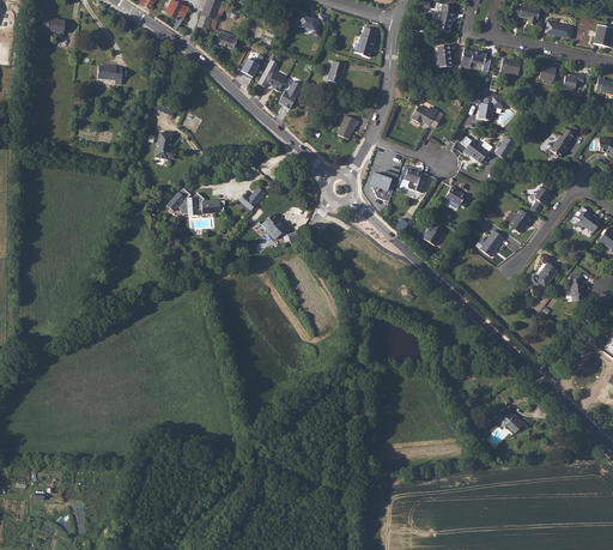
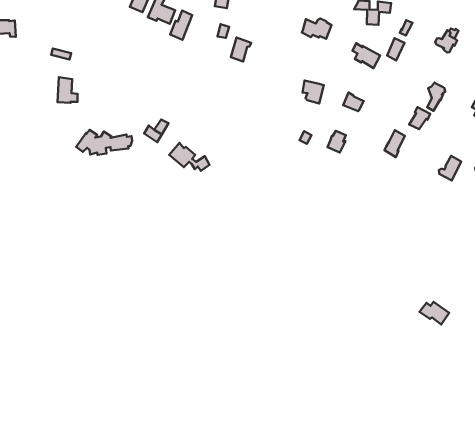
building: [369,169,397,204] -> none

